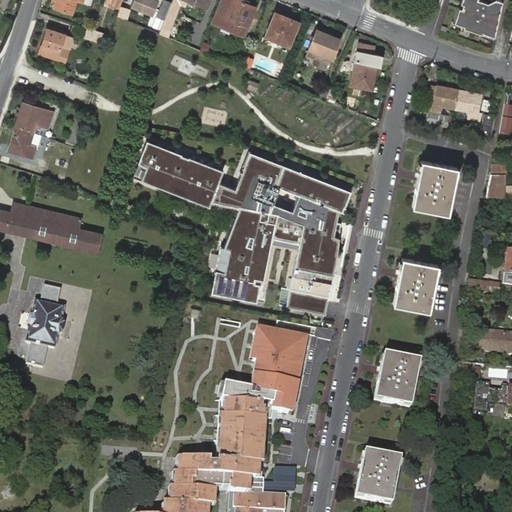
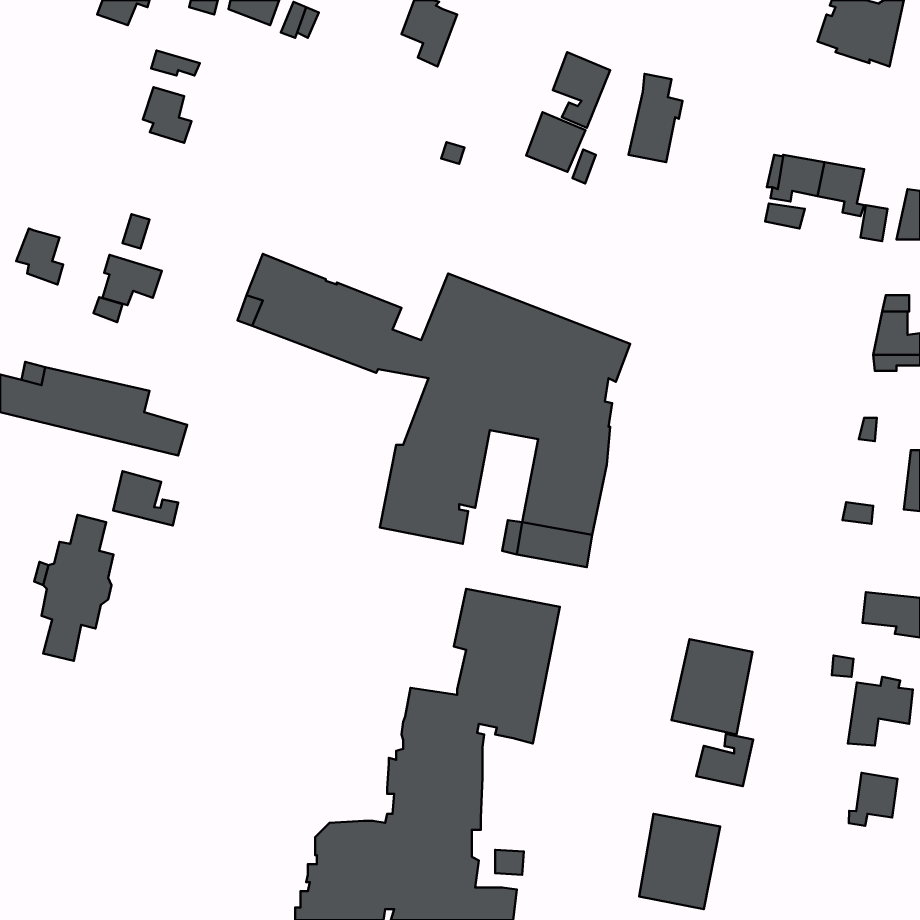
building: [265,13,298,46] -> [526,112,586,172]
building: [41,30,68,61] -> [143,87,191,143]
building: [19,104,52,132] -> [102,255,162,305]
building: [412,160,456,213] -> none
building: [393,257,437,310] -> none
building: none -> [113,471,178,526]
building: none -> [696,734,753,786]
building: none -> [849,773,898,826]

